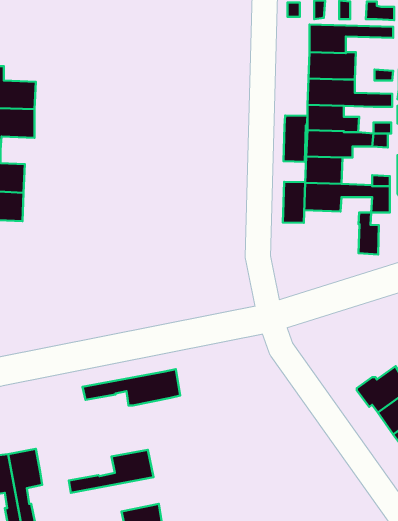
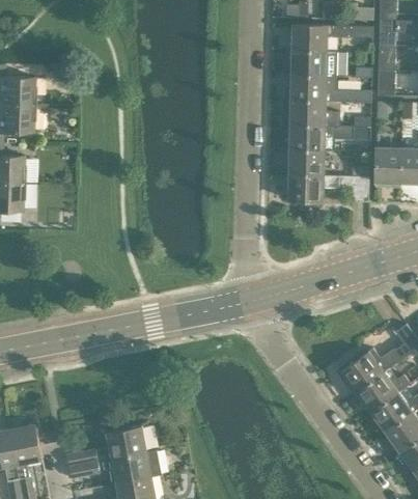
building: [284,115,307,162] -> none
building: [283,182,305,223] -> none
building: [358,212,379,254] -> none
building: [82,369,180,405] -> [67,450,160,484]

